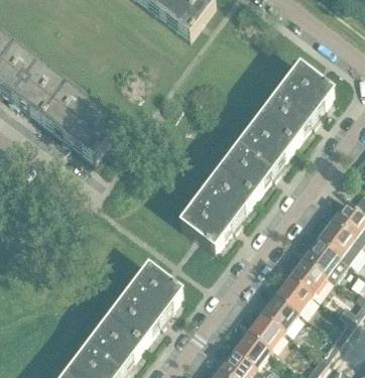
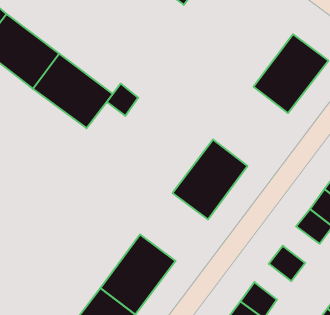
building: none -> [107,84,138,116]
building: [219,118,293,197] -> none
building: [288,257,325,293] -> none
building: [260,294,296,330] -> none

